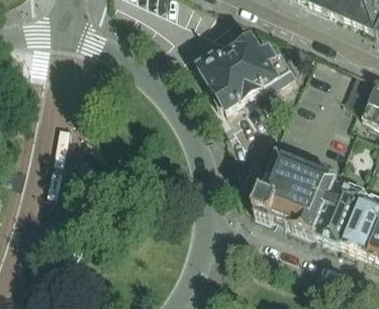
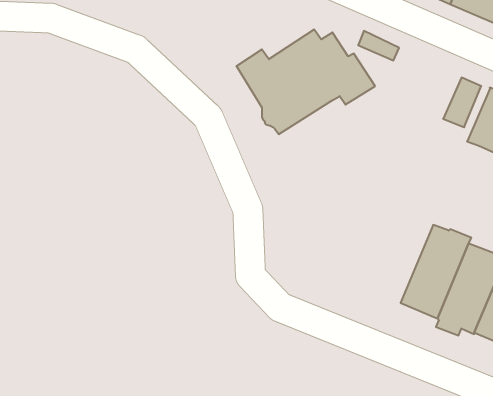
building: [252,145,337,231] -> none

